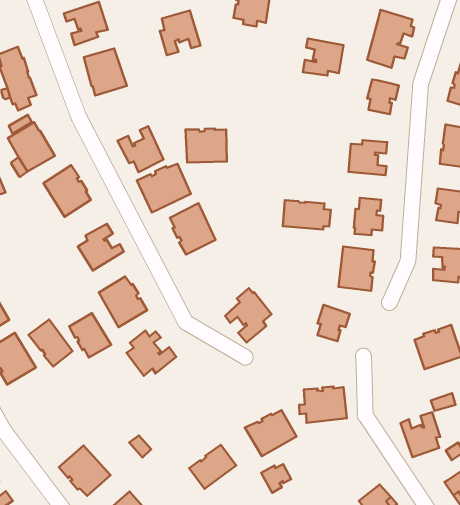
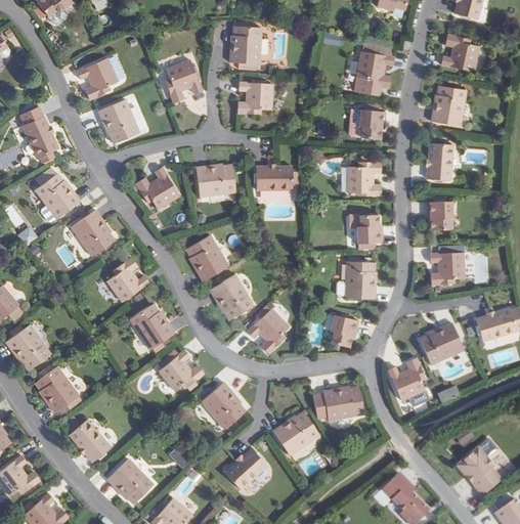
building: [303,39,344,75] -> [237,81,272,113]
building: [137,164,191,213] -> none
building: [283,200,331,229] -> [256,166,298,189]
building: none -> [206,274,251,319]
building: [69,313,111,357] -> none
building: [29,320,73,366] -> [69,419,110,461]
building: none -> [198,383,244,430]
building: [401,412,440,457] -> [389,358,426,400]
building: [261,464,291,493] -> none

